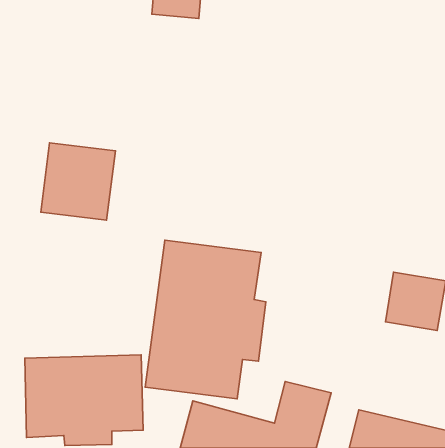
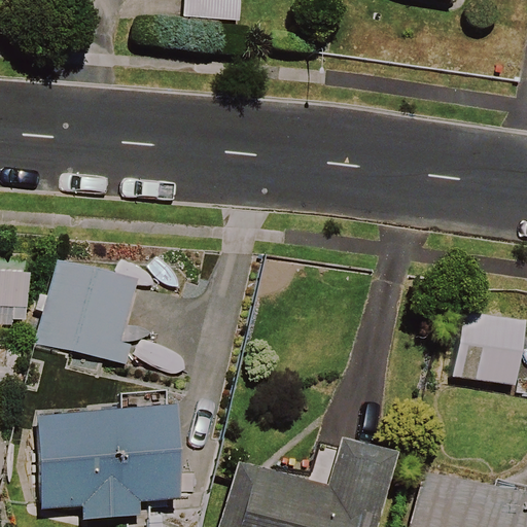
building: [41,143,115,220] -> [46,265,133,354]
building: [145,240,266,399] -> none

